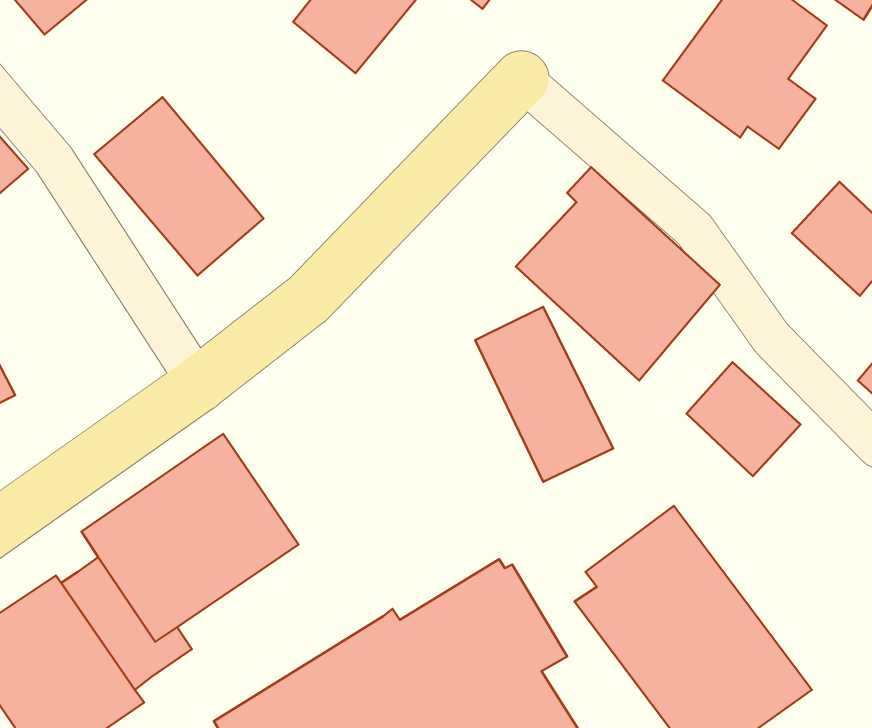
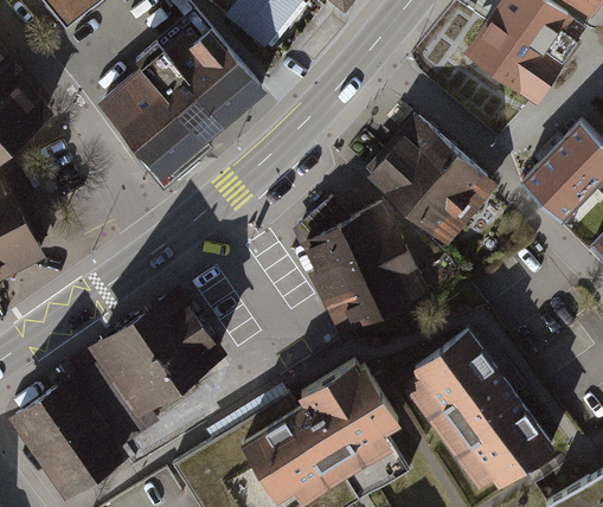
building: none -> [140,25,268,145]
building: none -> [291,195,385,336]
building: [686,362,801,476] -> [515,154,589,227]

